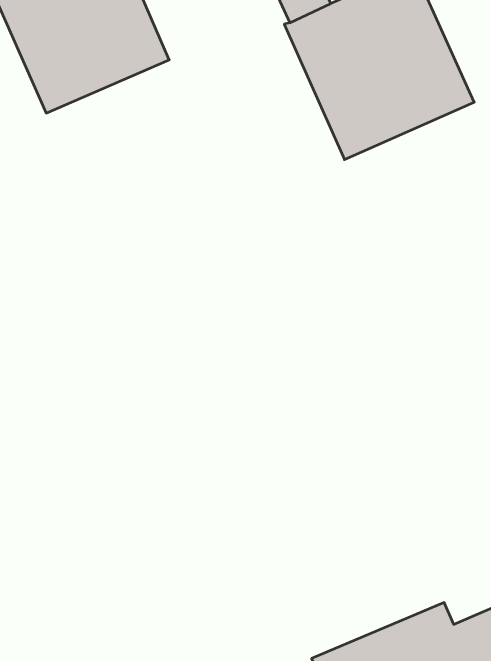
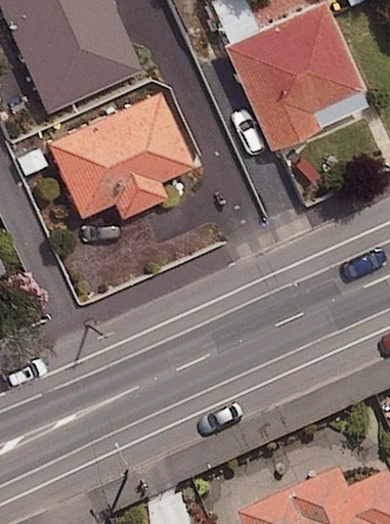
building: none -> [47,92,192,216]

